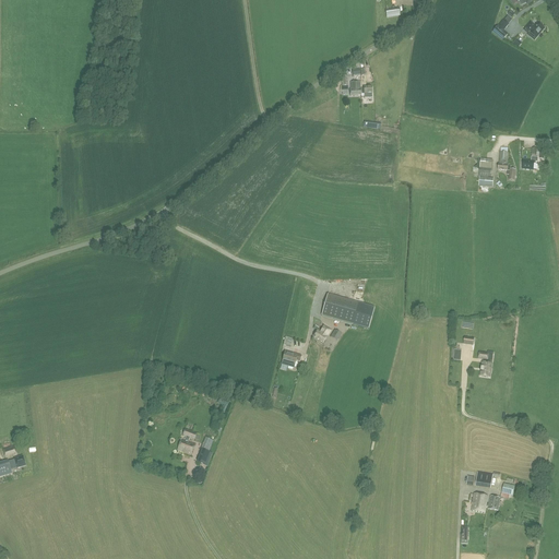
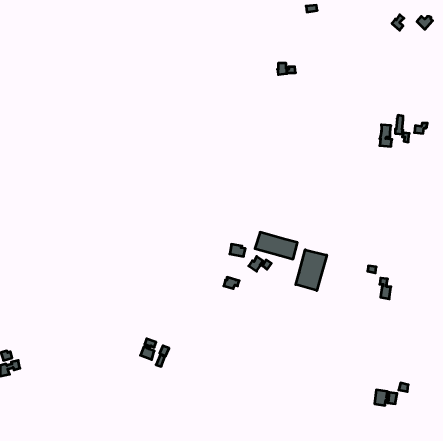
building: none -> [296,250,327,291]

